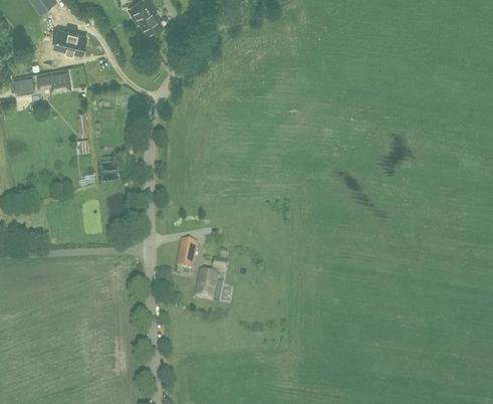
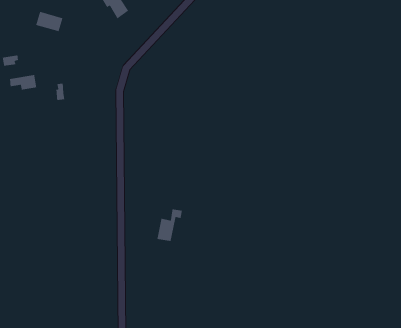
building: [37,73,70,92] -> [9,74,37,91]
building: [175,239,197,268] -> none

